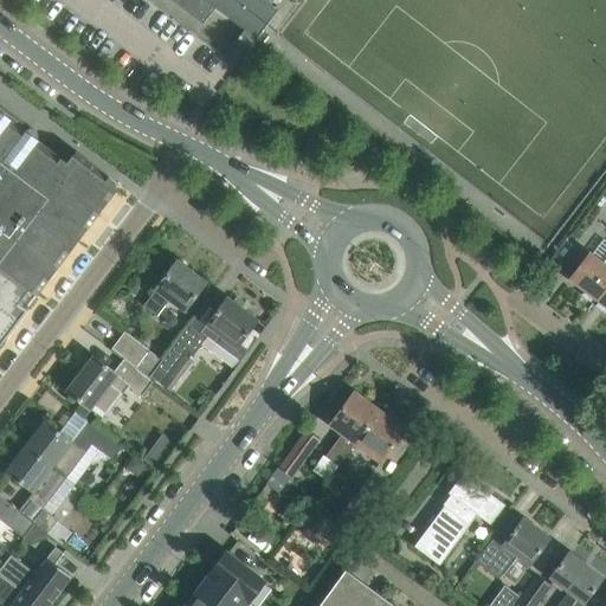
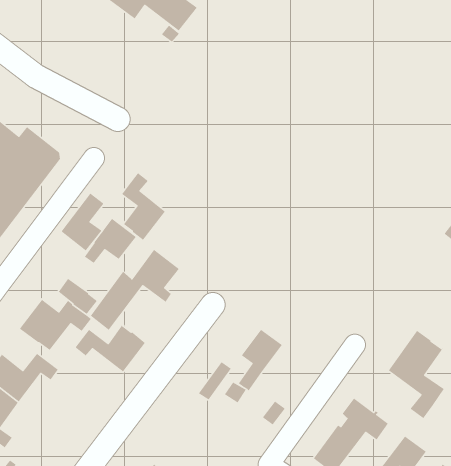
building: none -> [121,172,166,241]
building: none -> [61,193,104,251]
building: none -> [75,324,146,373]
building: none -> [388,330,445,419]
building: [354,411,402,462] -> none

